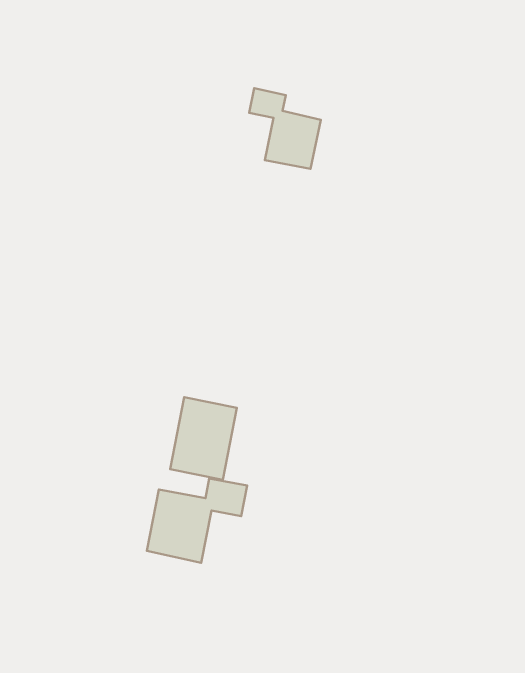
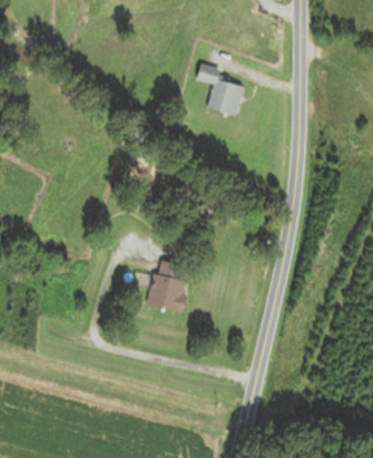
building: [147,478,247,563] -> none

